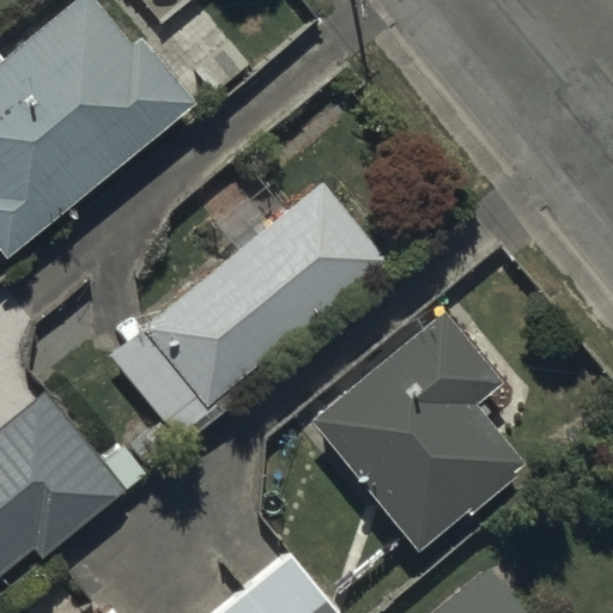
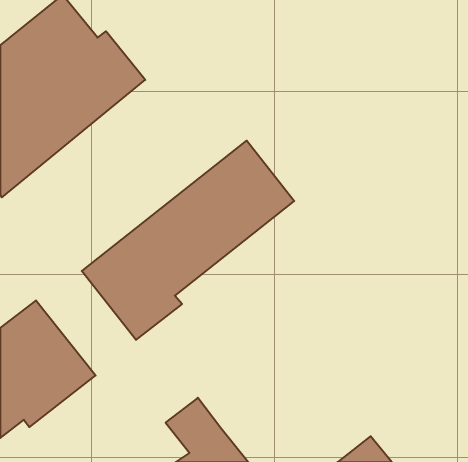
building: [311,315,521,553] -> none

